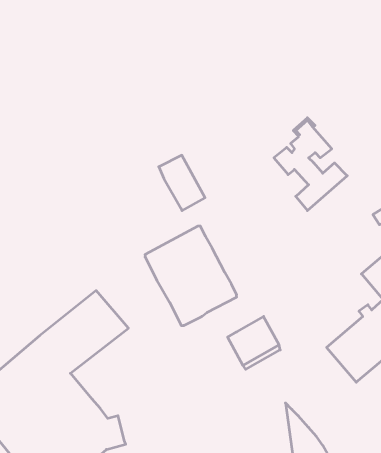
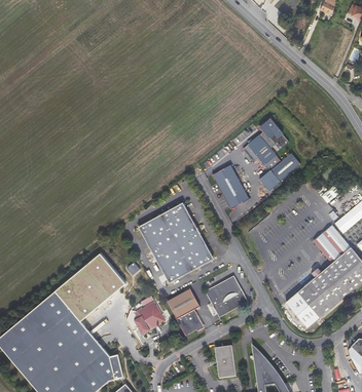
building: [159,155,205,211] -> [212,165,249,209]
building: none -> [167,288,203,336]
building: none -> [133,301,165,335]
building: none -> [215,346,236,379]

